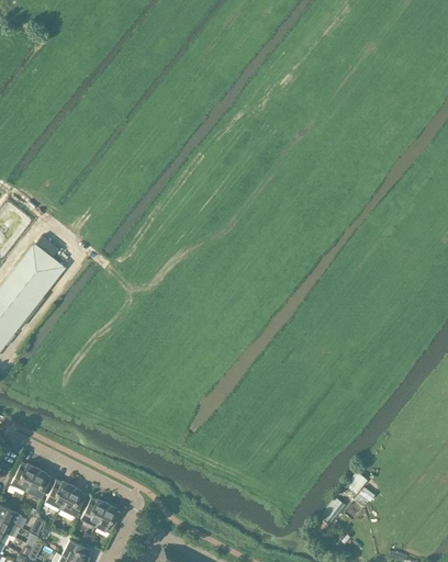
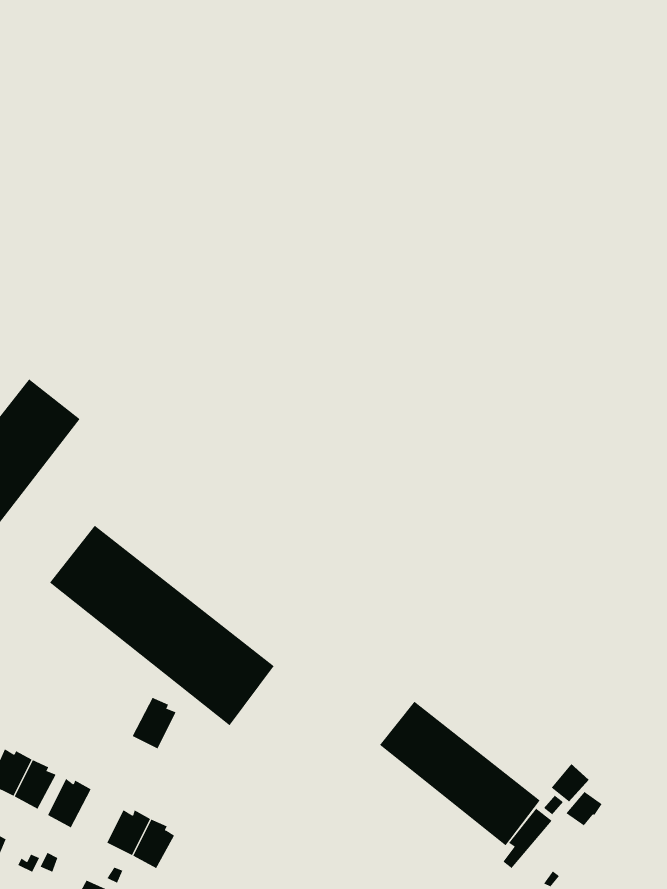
building: none -> [49,525,275,726]
building: none -> [379,701,540,846]
building: [60,487,87,518] -> [132,697,176,749]

